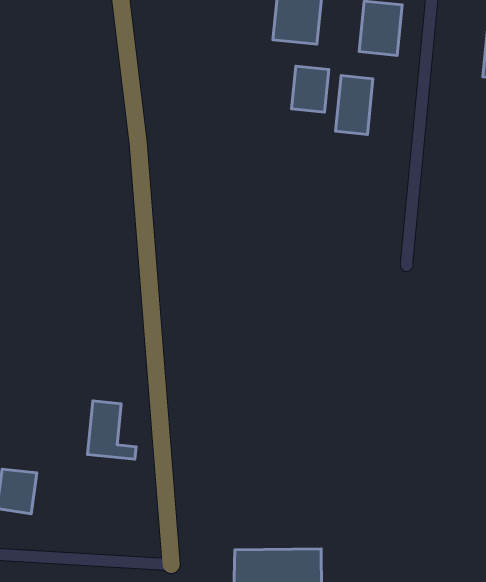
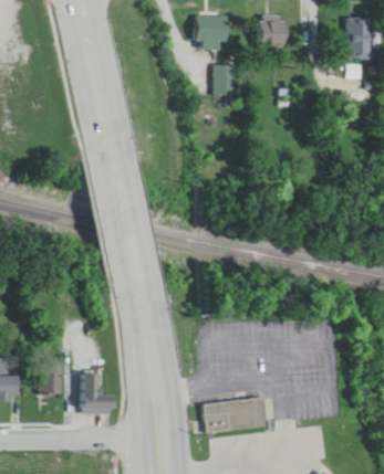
building: [336,76,373,134] -> none
building: [88,401,136,459] -> [83,376,116,413]

